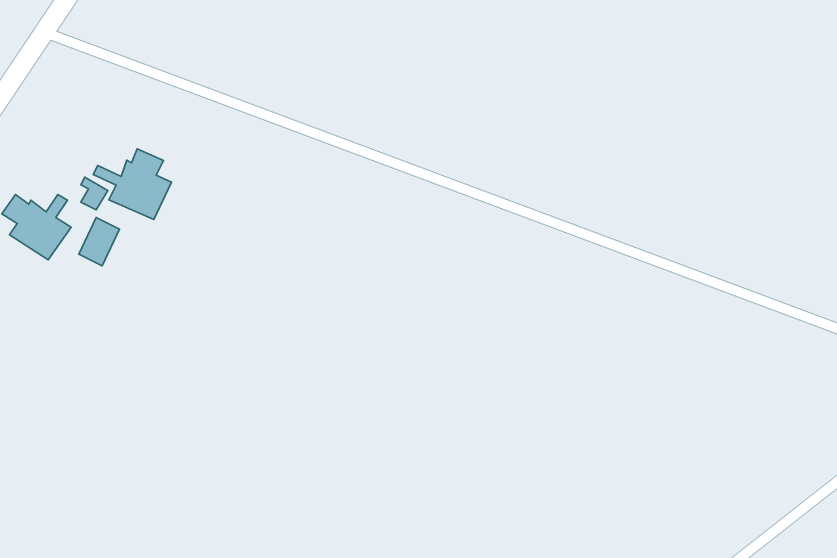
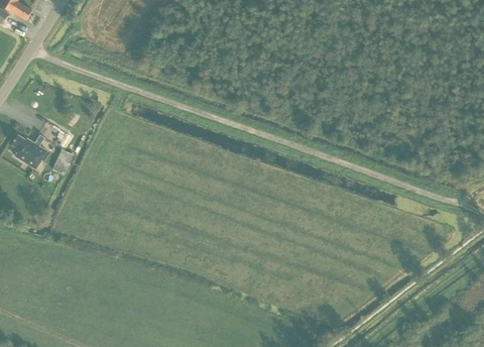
building: [93,149,171,220] -> none

